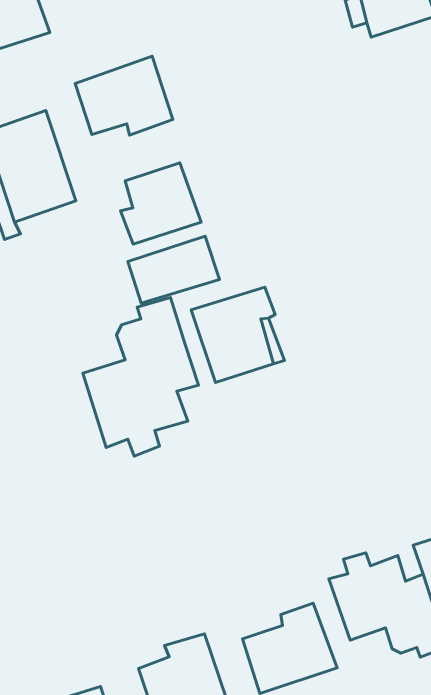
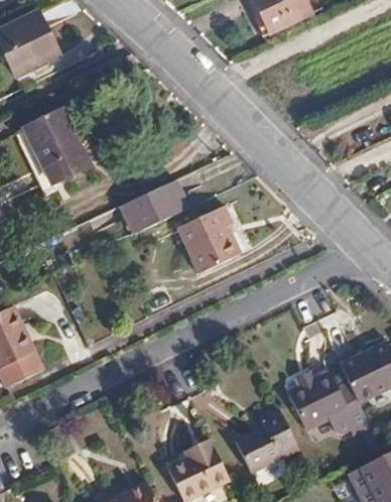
building: [75,56,173,135] -> none
building: [121,163,201,244] -> none
building: [83,298,199,456] -> none

